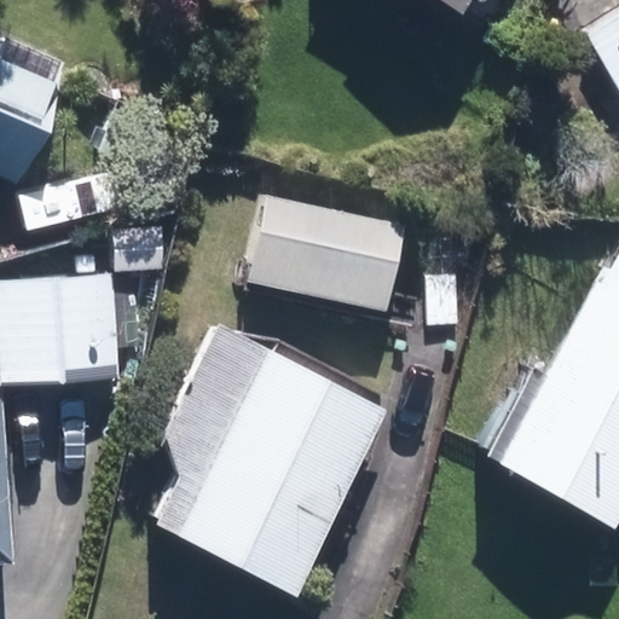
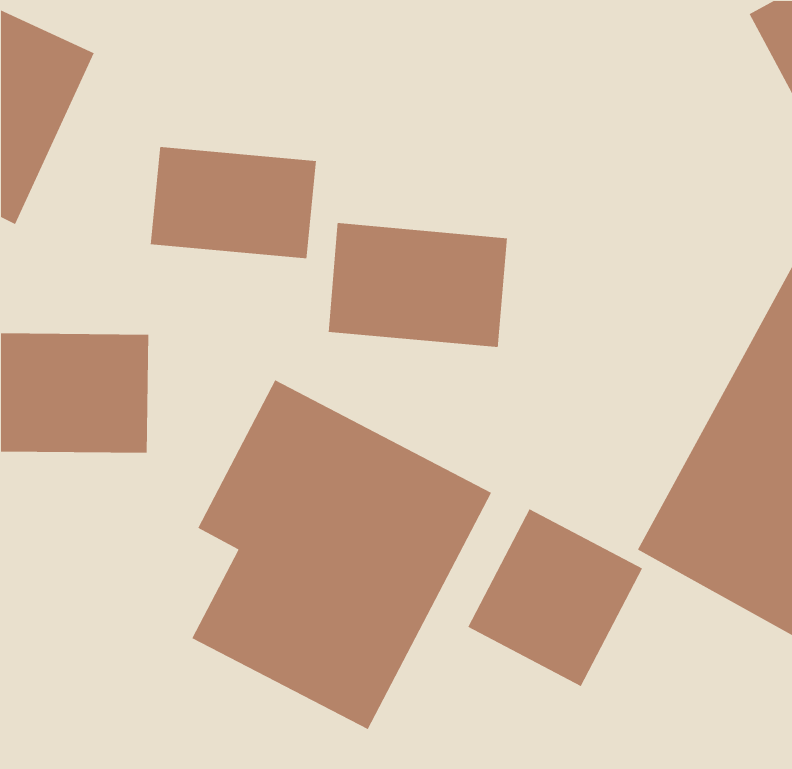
building: none -> [150,146,317,259]
building: none -> [467,508,643,687]

